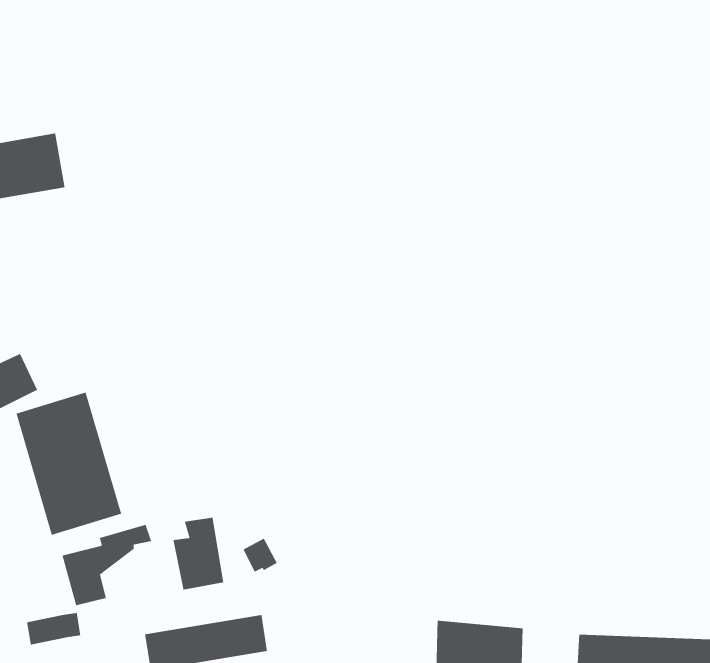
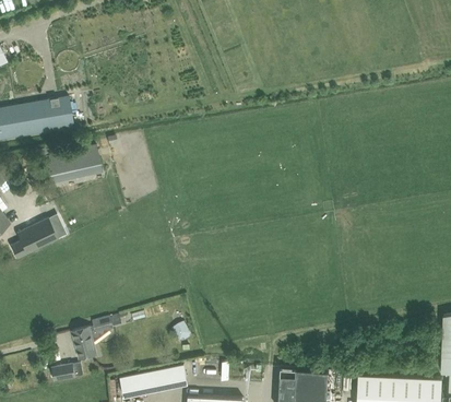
building: none -> [44,144,100,182]
building: [16,392,122,536] -> none
building: [172,517,224,591] -> none

